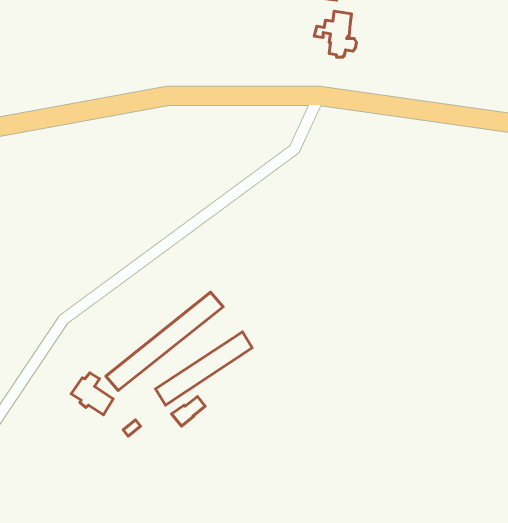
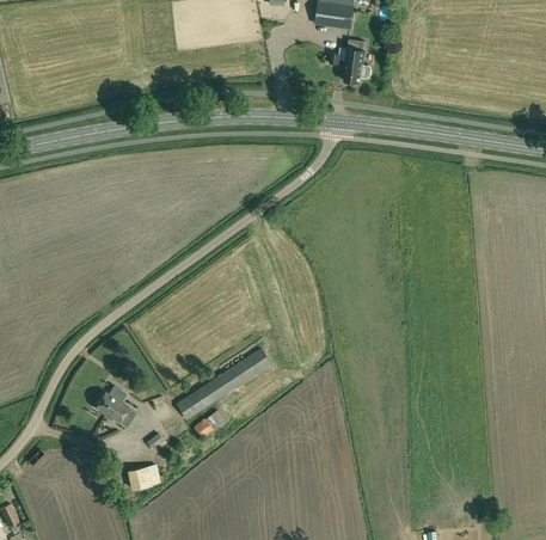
building: [106,292,223,391] -> none
building: none -> [127,465,158,490]

